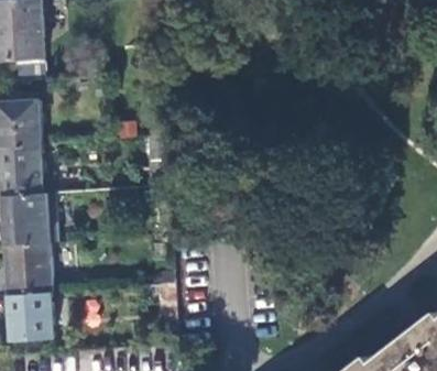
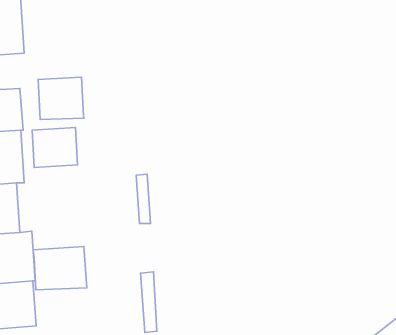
building: none -> [38,77,84,119]
building: none -> [32,128,78,168]
building: none -> [33,246,87,290]

